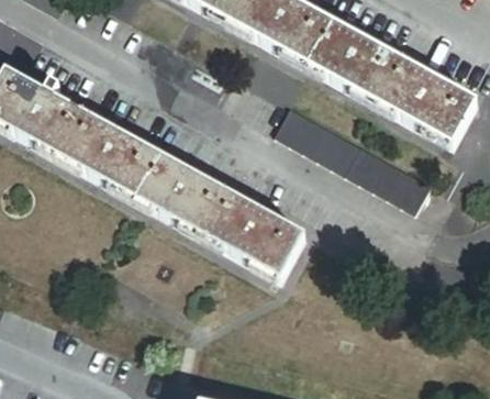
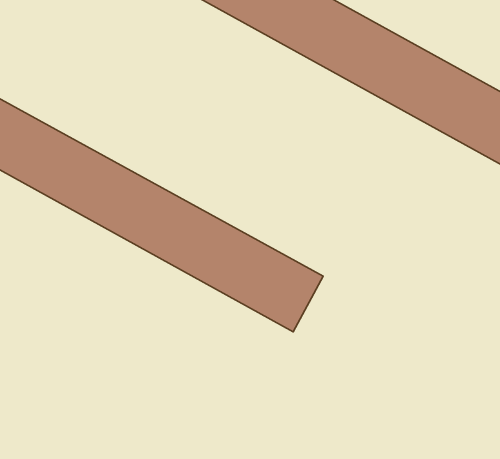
building: [271,102,432,211] -> none

